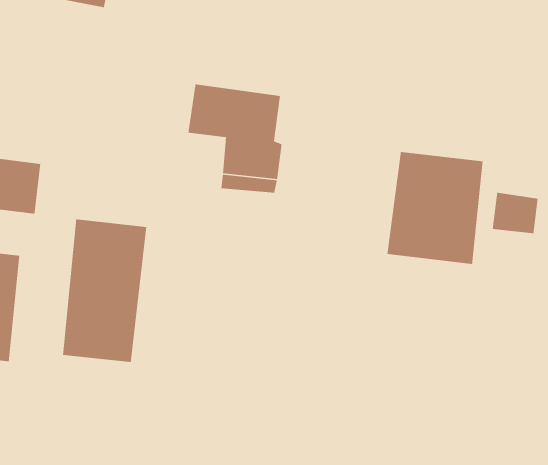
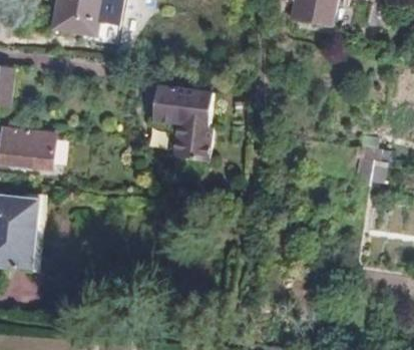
building: [387,151,483,265] -> none
building: [62,219,147,363] -> none

